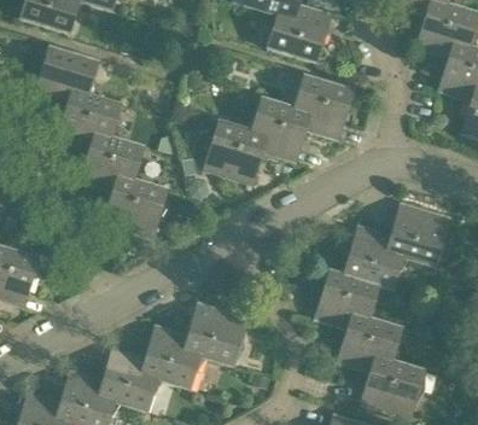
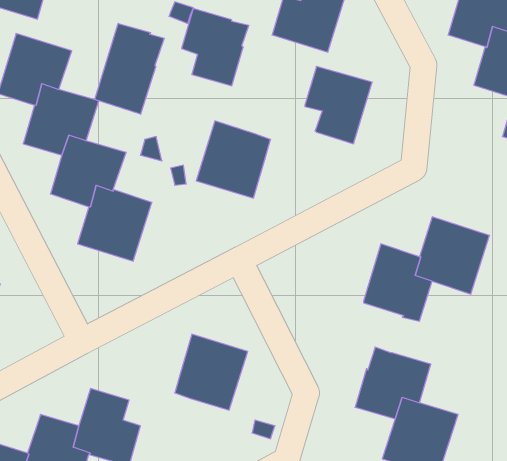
building: none -> [95,23,164,114]
building: [252,98,309,163] -> [182,8,249,86]
building: [315,269,378,331] -> none
building: [141,322,198,389] -> none

